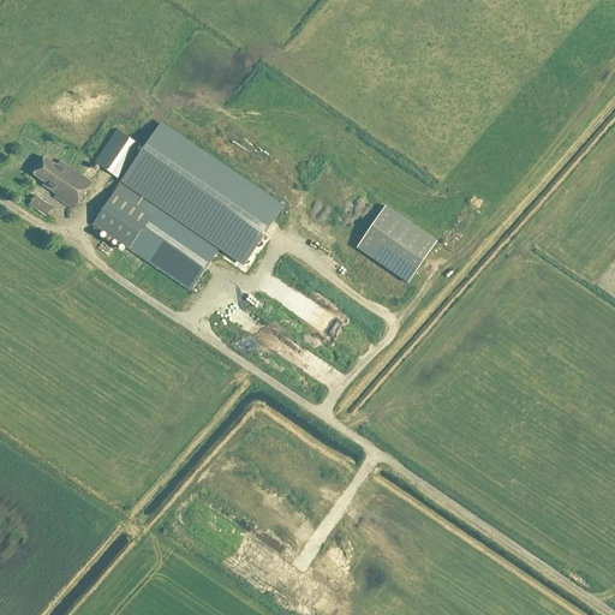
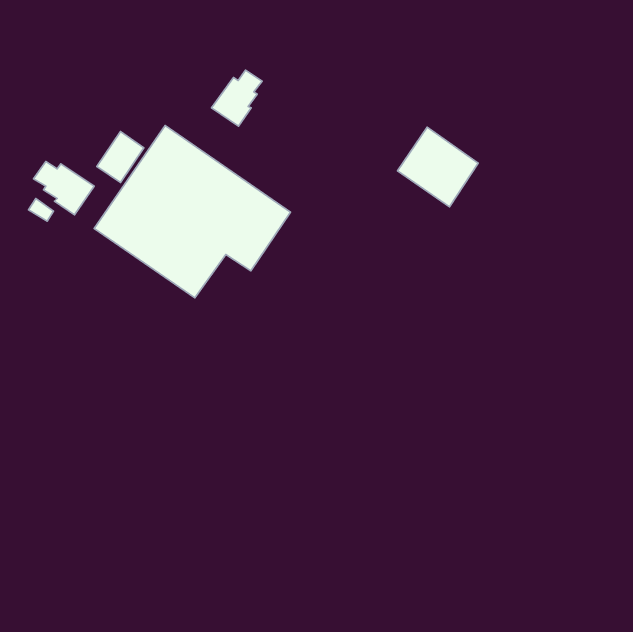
building: none -> [212,70,262,126]
building: [357,204,435,281] -> [397,127,478,207]

